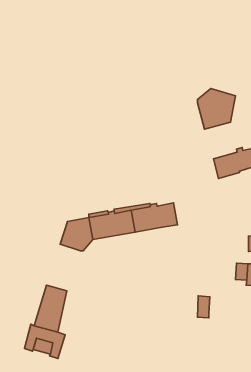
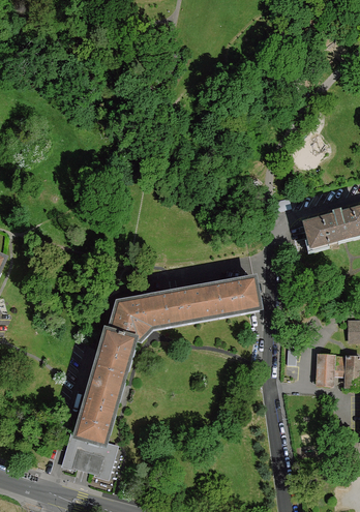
building: [198,88,236,129] -> none
building: none -> [91,331,134,391]
building: [198,296,210,318] -> [317,355,332,383]

